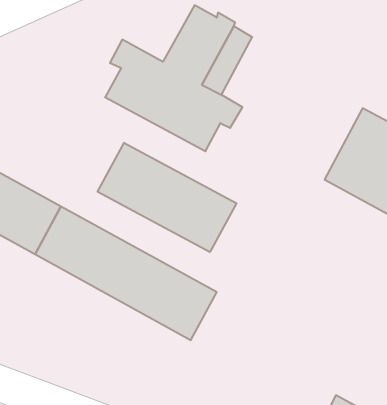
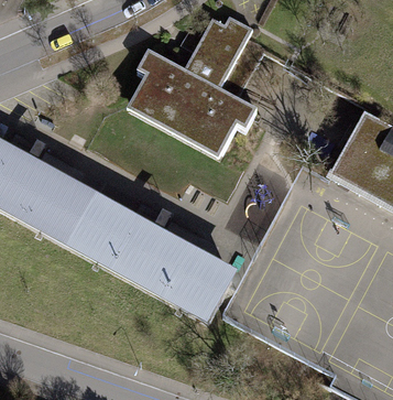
building: [98,143,236,252] -> none

